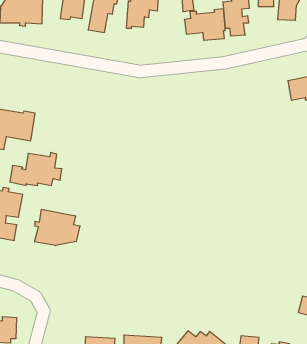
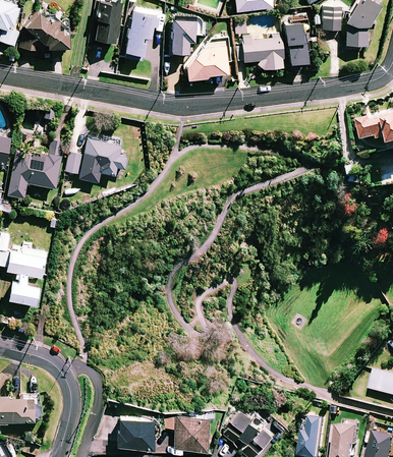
building: none -> [184,31,230,80]
building: [10,152,62,185] -> [65,136,126,175]
building: [35,209,80,246] -> none

